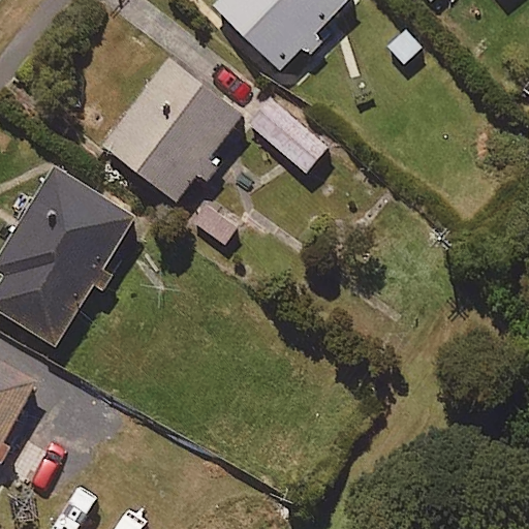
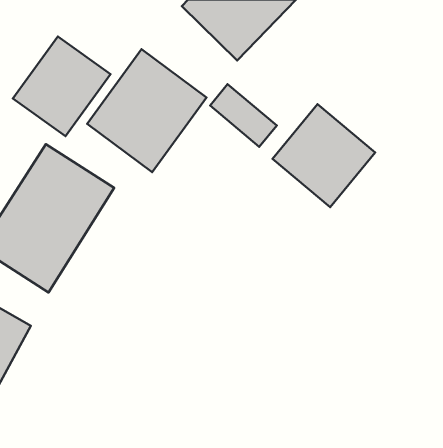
building: none -> [13,36,111,136]
building: none -> [272,104,375,207]

